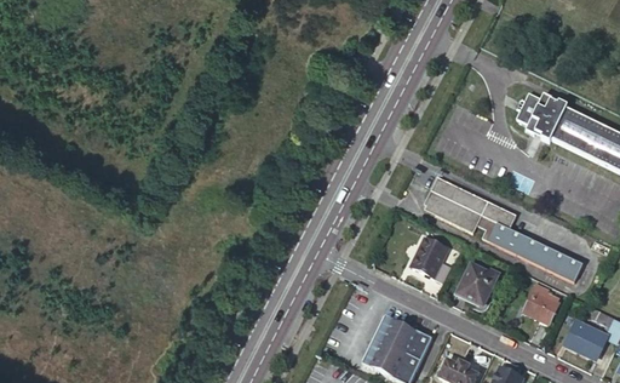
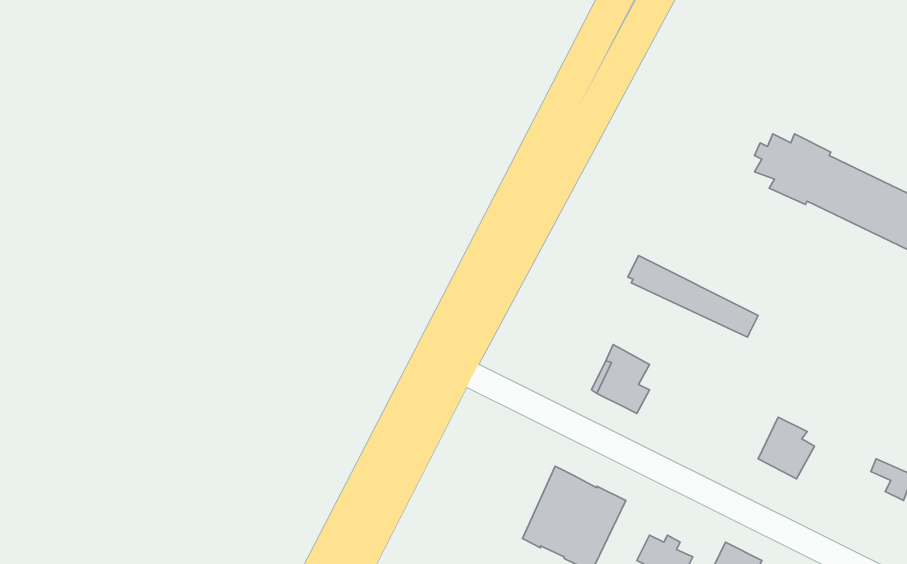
building: [427,193,587,284] -> none
building: [454,259,496,302] -> none
building: [566,321,603,355] -> none

